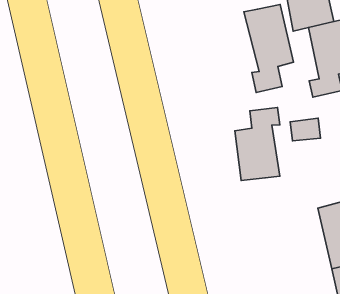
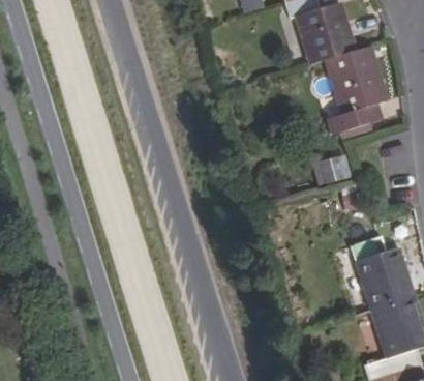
building: [244,4,294,93] -> none
building: [235,107,280,180] -> none

